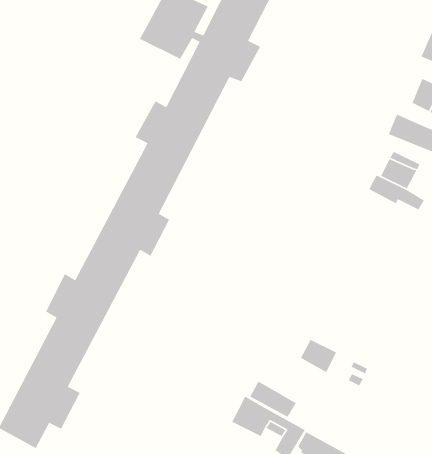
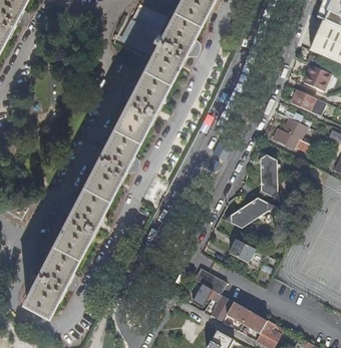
building: none -> [225,151,281,228]

